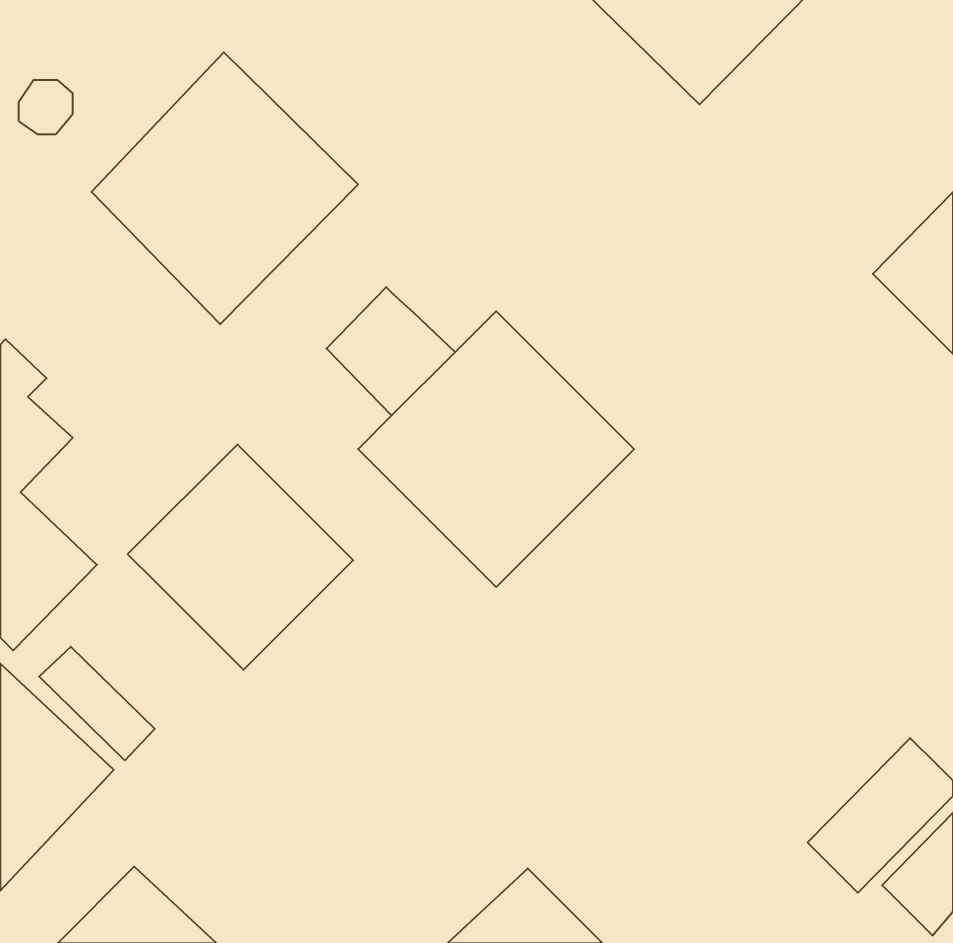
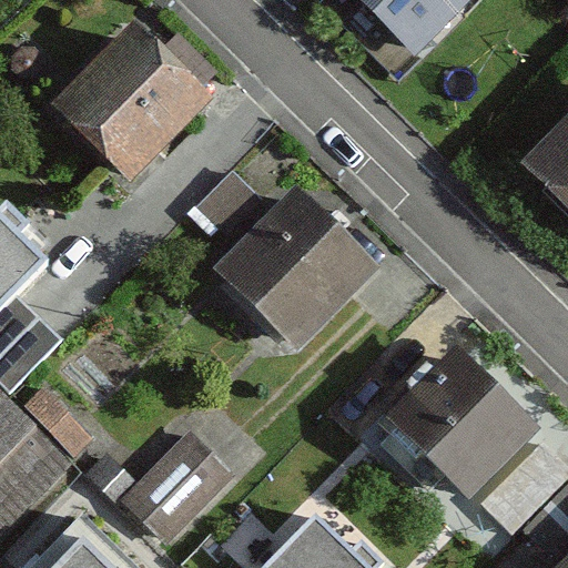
building: [128,444,353,670] -> none
building: none -> [384,349,535,498]
building: none -> [121,429,232,540]

